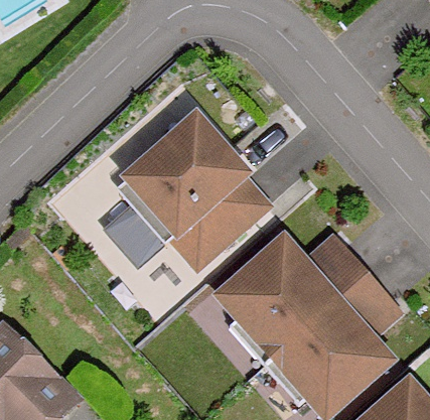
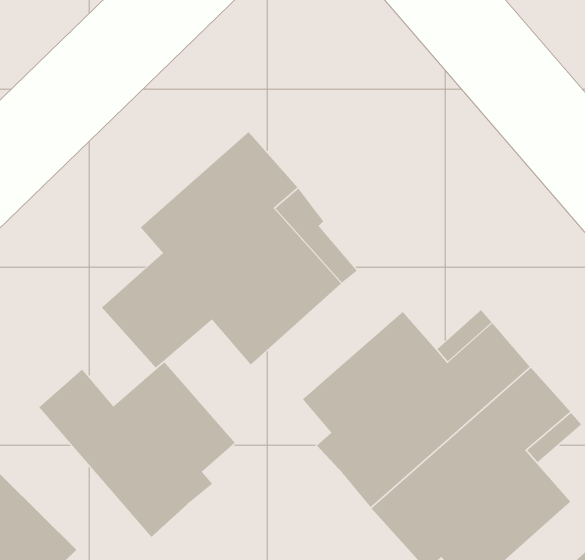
building: none -> [38,361,236,538]

